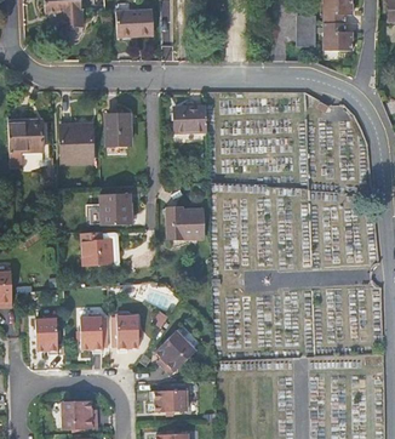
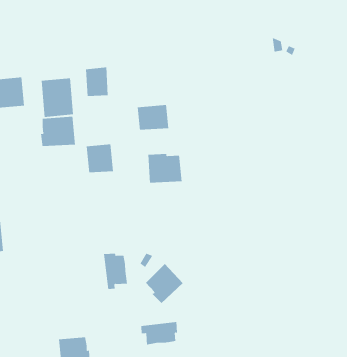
building: [174,107,207,132] -> [137,104,169,130]
building: none -> [40,116,75,147]
building: [81,235,118,266] -> none
building: [79,312,102,350] -> none
building: [34,313,57,352] -> none

